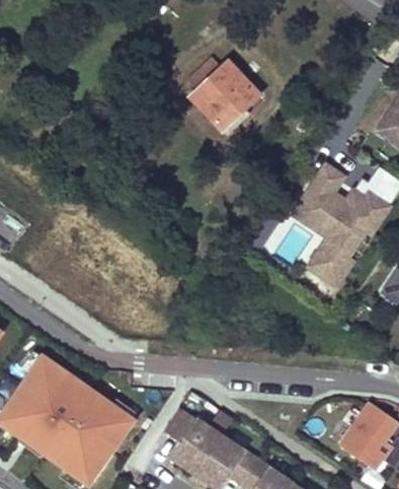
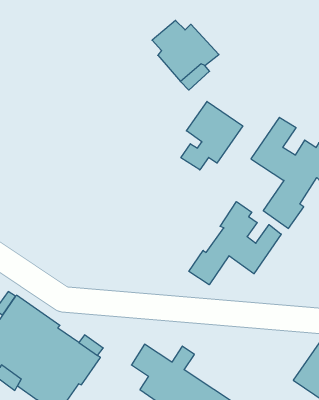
building: none -> [181,101,243,170]
building: none -> [189,202,281,285]

